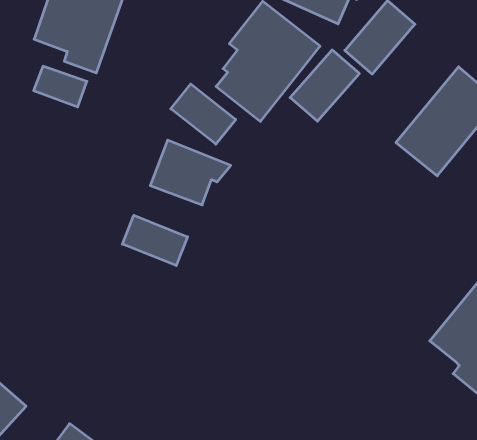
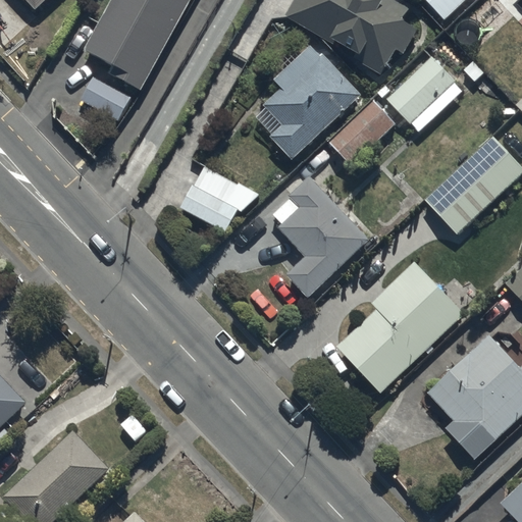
building: [171,84,236,144] -> none
building: none -> [279,180,368,299]
building: none -> [336,260,465,392]
building: [122,215,188,266] -> none

